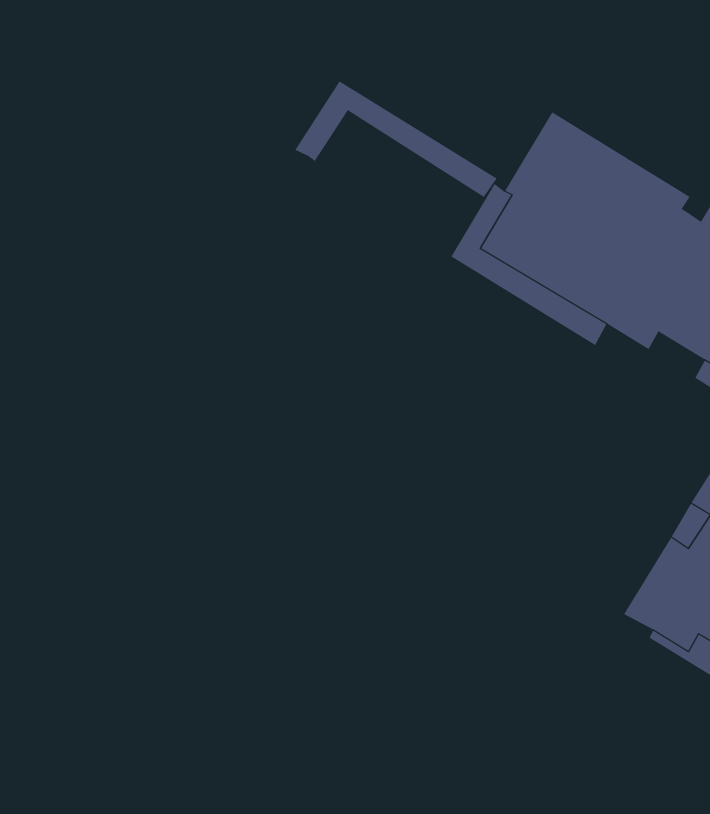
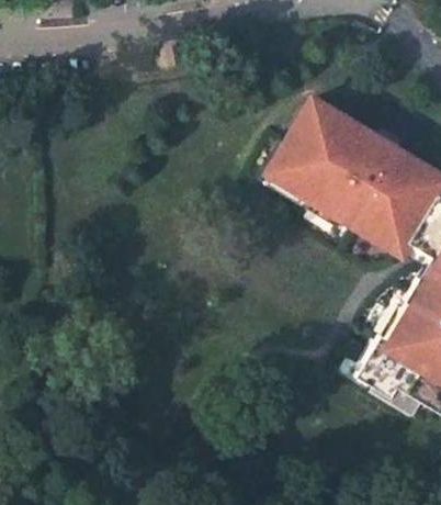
building: [295,80,498,198] -> none

